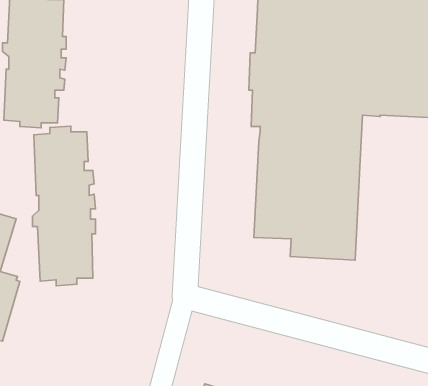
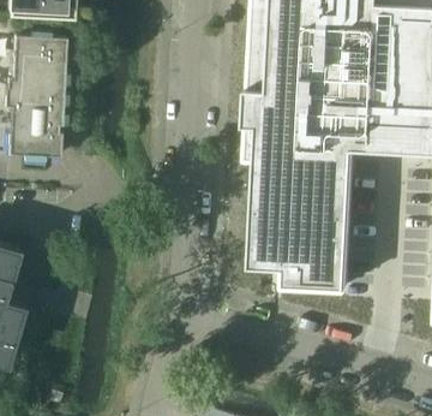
building: [33,126,95,286] -> none

